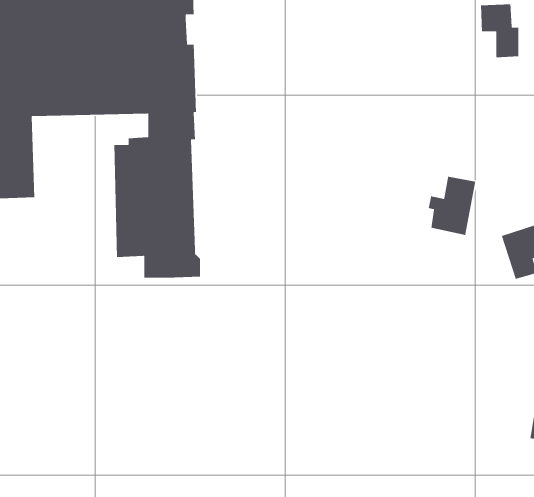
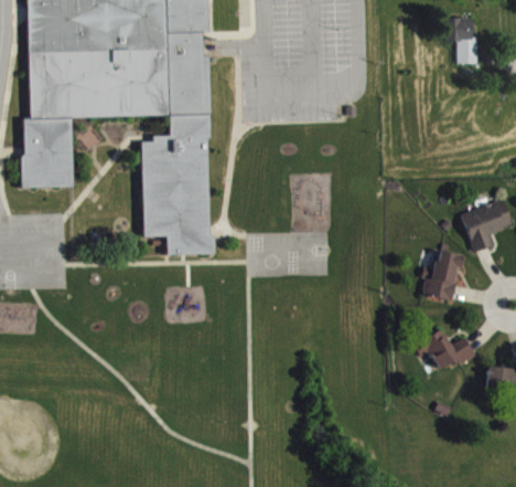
building: [428,176,476,236] -> [427,253,467,304]
building: none -> [419,332,481,373]

